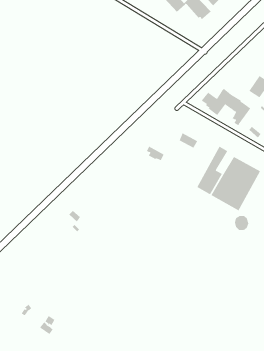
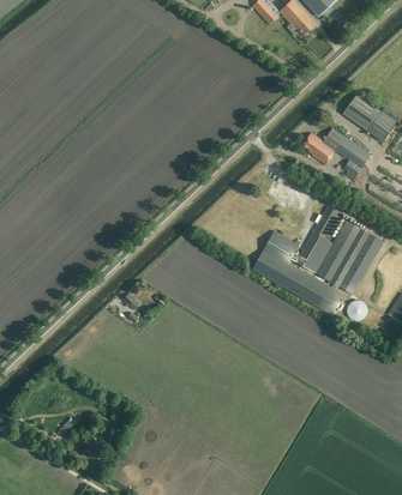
building: none -> [342,92,380,131]
building: none -> [251,230,343,314]

